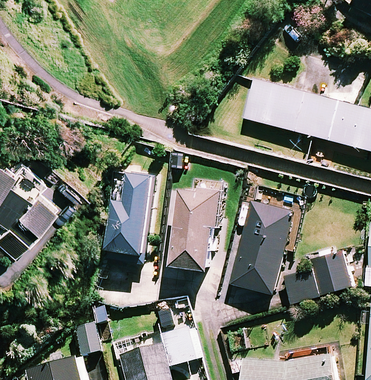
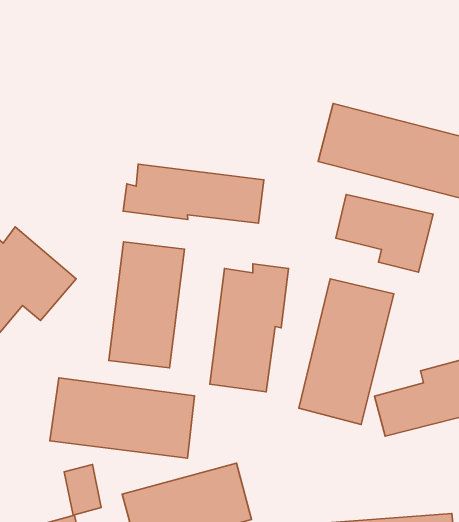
building: none -> [123,164,264,223]
building: none -> [336,194,433,272]
building: none -> [50,378,195,458]

